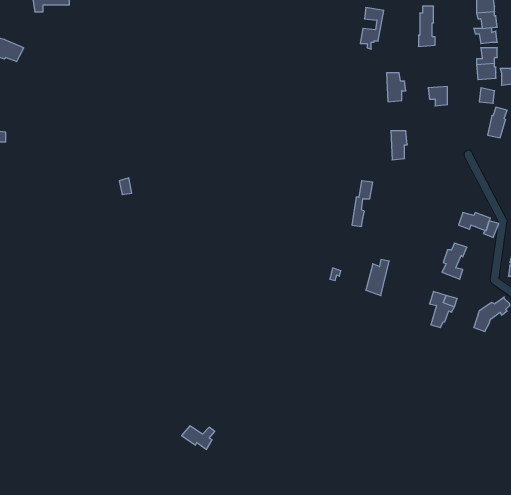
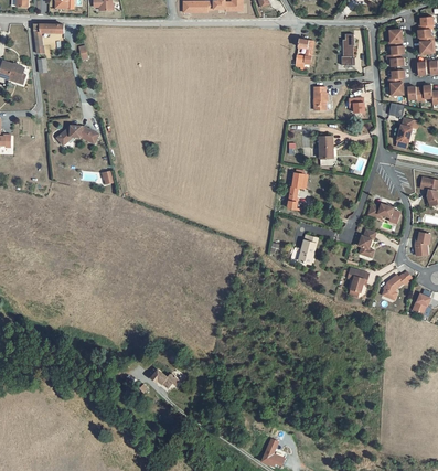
building: none -> [55,127,99,148]

